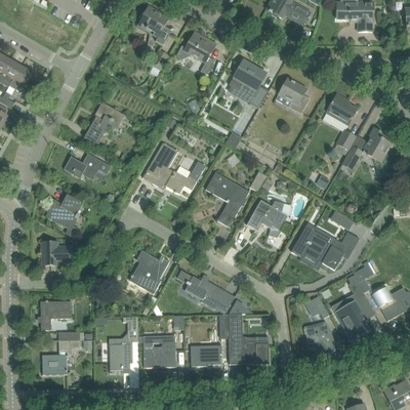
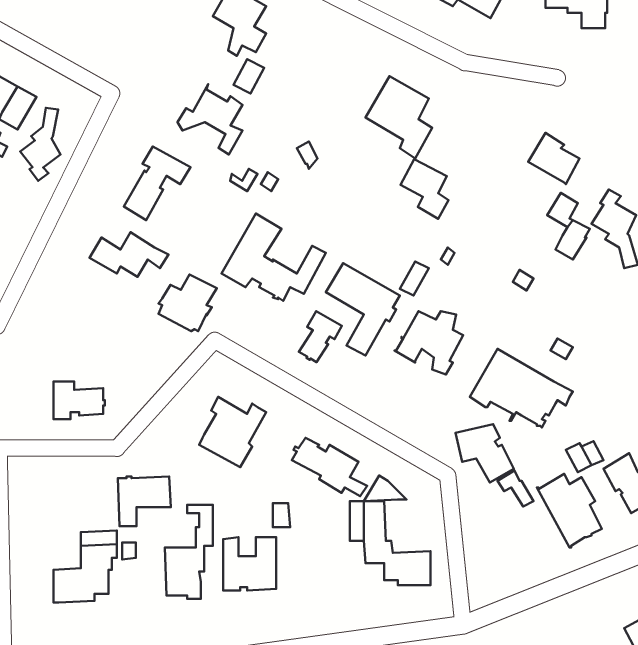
building: [176,32,215,74] -> [177,84,243,155]
building: [279,78,307,114] -> [401,159,449,219]
building: none -> [20,108,61,181]
building: [48,194,83,228] -> [159,274,217,331]
building: none -> [299,311,342,362]
building: [40,300,72,330] -> [118,476,171,526]
building: [303,321,338,356] -> [455,424,514,483]
building: [190,344,221,366] -> none

